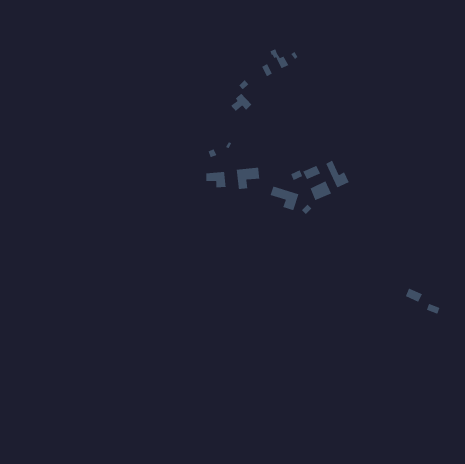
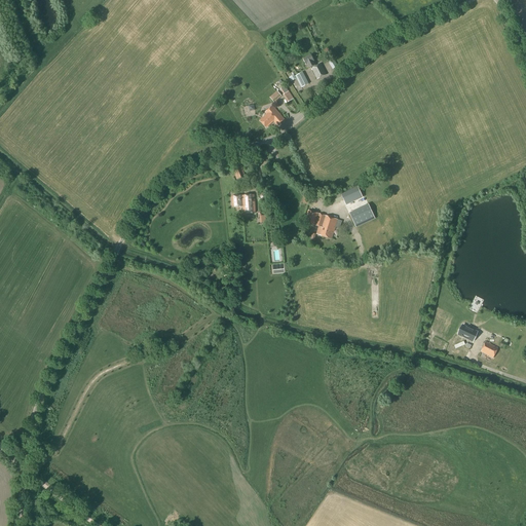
building: [325,160,350,188] -> none
building: [236,167,260,190] -> none

